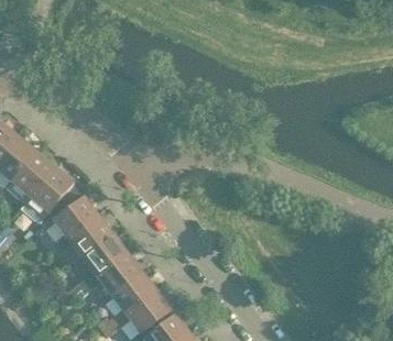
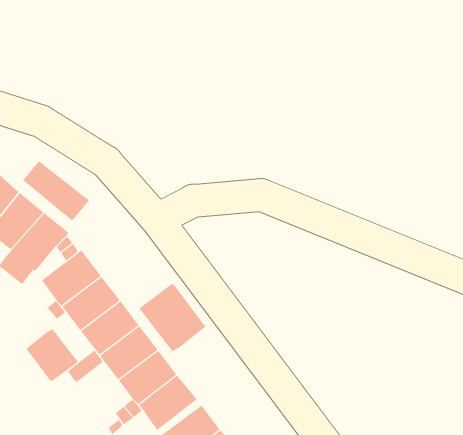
building: none -> [22,161,90,222]
building: none -> [138,283,206,352]
building: none -> [25,328,79,382]

